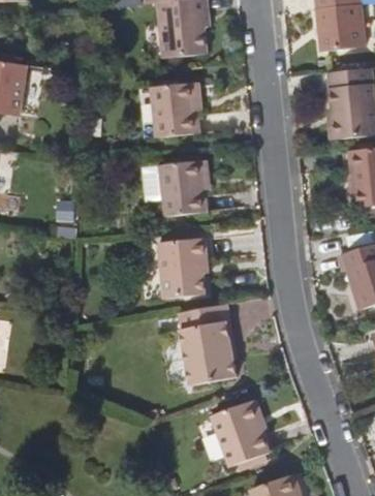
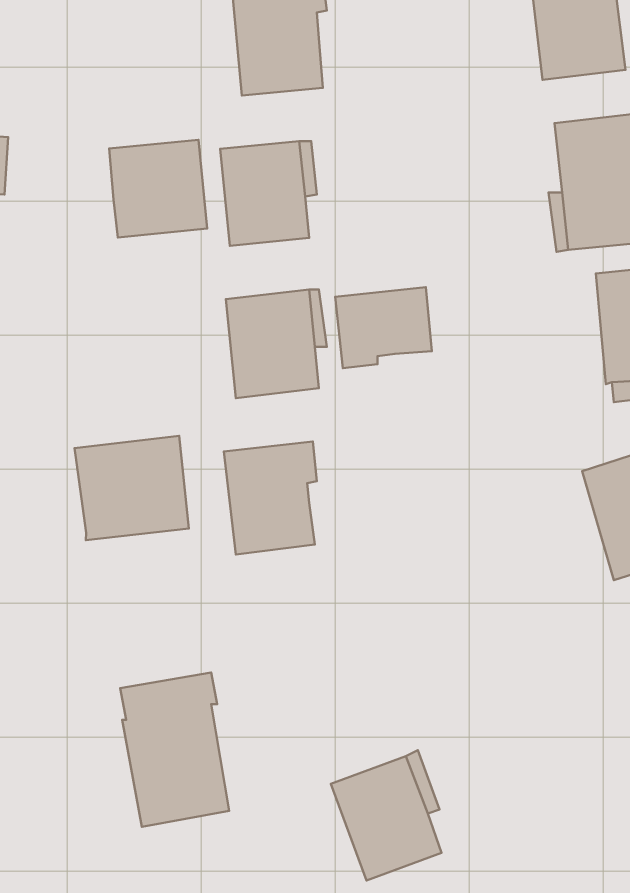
building: none -> [109,140,207,237]
building: none -> [335,287,432,368]
building: none -> [74,436,189,540]
building: [178,306,235,386] -> [120,672,229,827]

